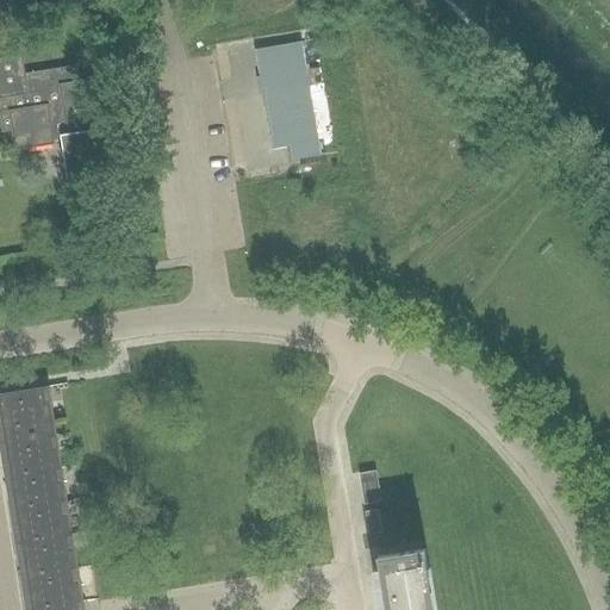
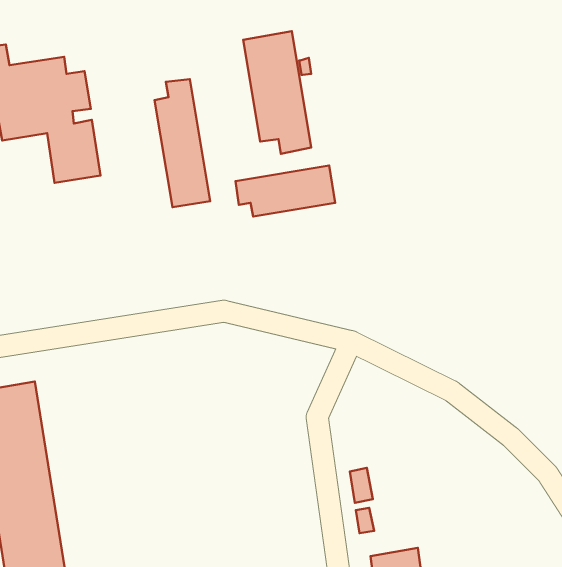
building: none -> [155,79,210,207]
building: none -> [236,166,335,217]

